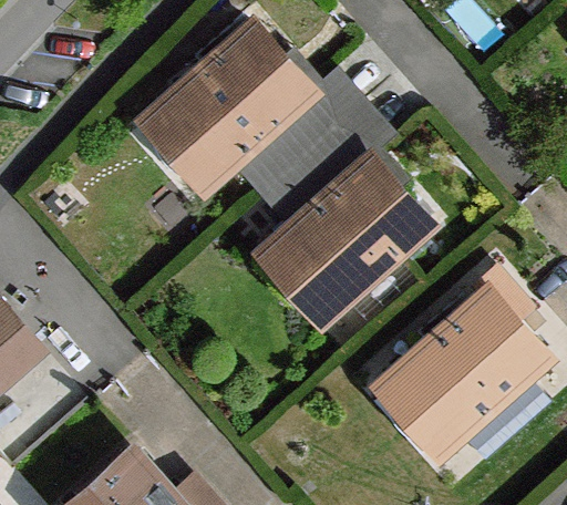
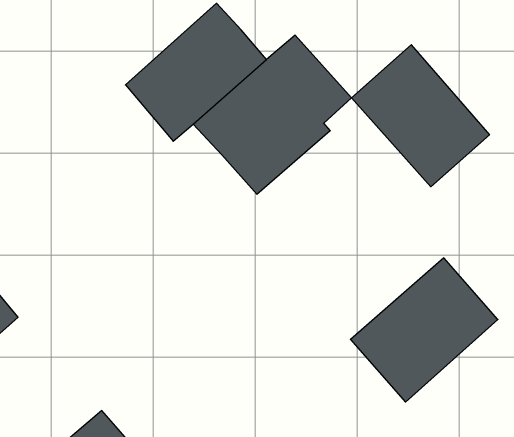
building: none -> [351,45,489,187]
building: [272,158,427,309] -> none

